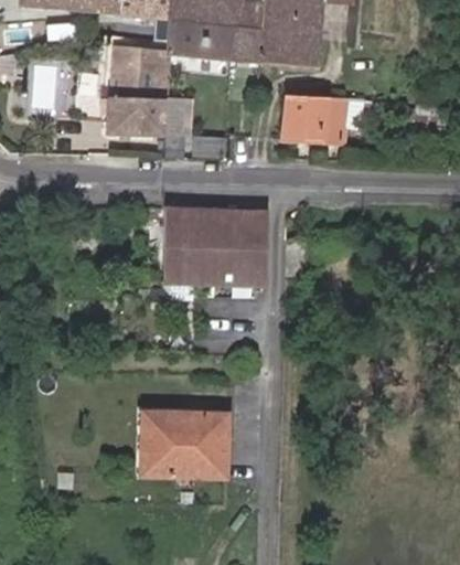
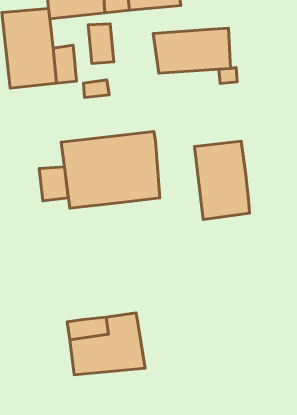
building: none -> [88,24,114,64]
building: none -> [39,167,68,201]
building: none -> [195,141,250,220]

